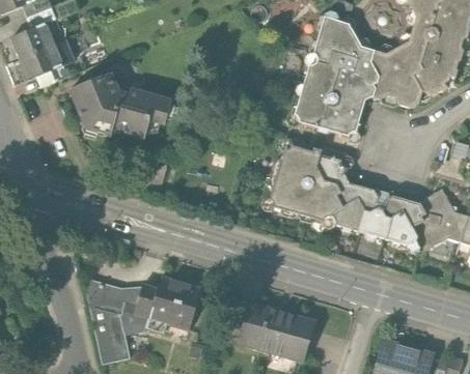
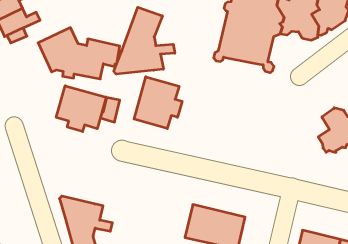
building: none -> [114,7,175,74]
building: none -> [134,77,182,129]
building: none -> [56,86,106,132]
building: [269,144,426,246] -> none
building: [133,277,200,334] -> none

